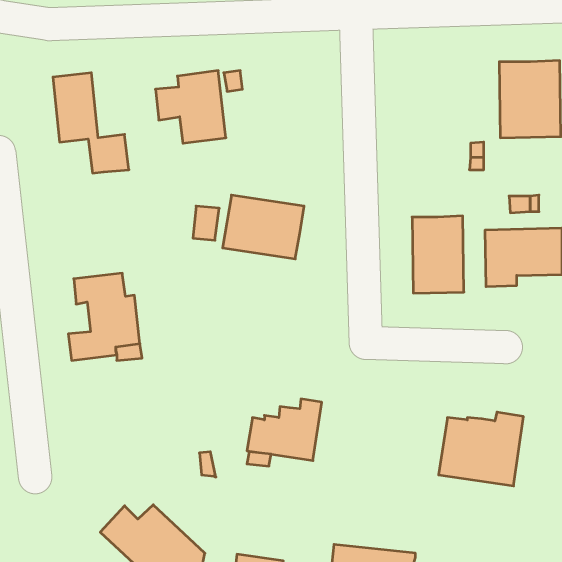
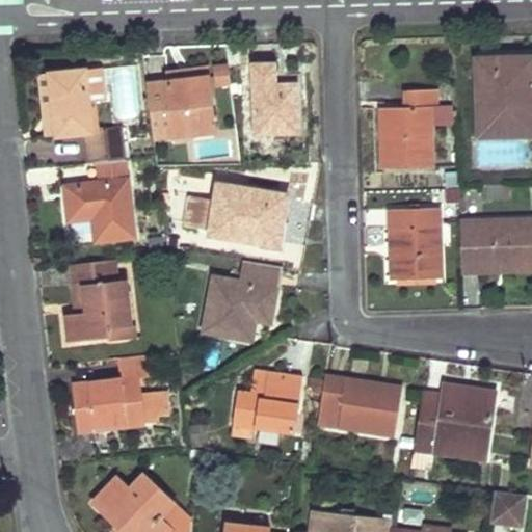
building: none -> [252,64,297,132]
building: none -> [382,86,436,168]
building: none -> [64,160,135,243]
building: none -> [205,261,282,340]
building: none -> [318,376,402,435]
building: none -> [73,377,145,434]
building: none -> [491,490,525,526]

